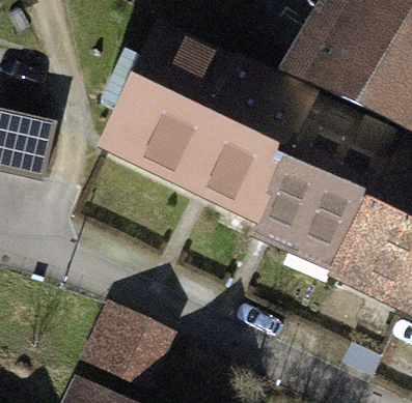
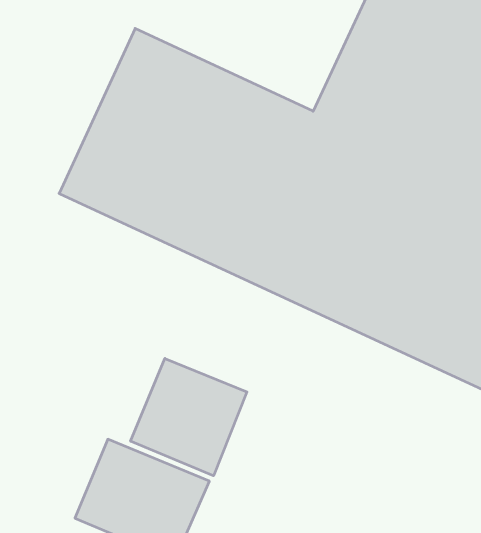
building: none -> [131,358,247,476]

